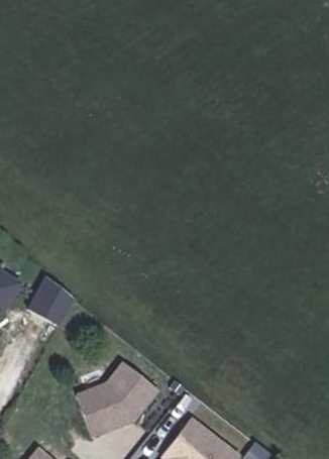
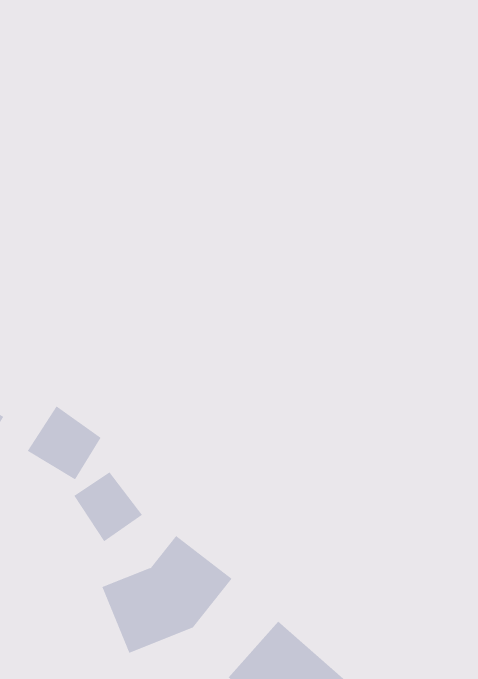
building: none -> [74,472,143,542]

